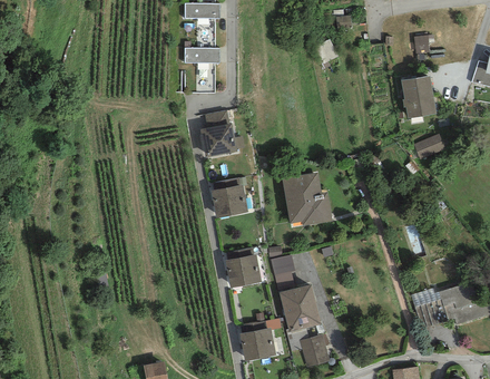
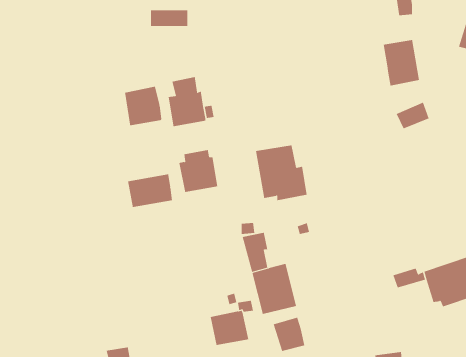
building: none -> [124,86,162,126]
building: none -> [128,173,173,208]
building: [225,246,261,288] -> none

